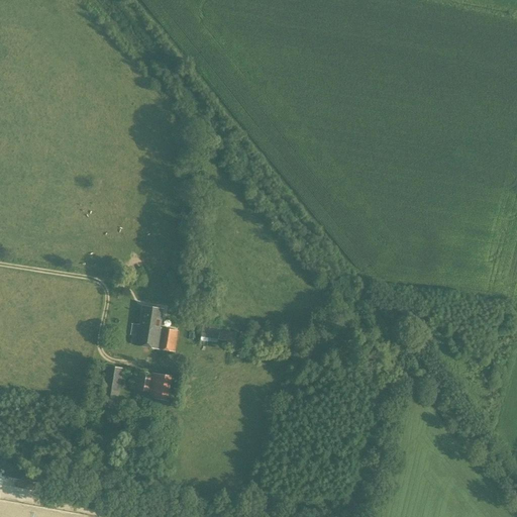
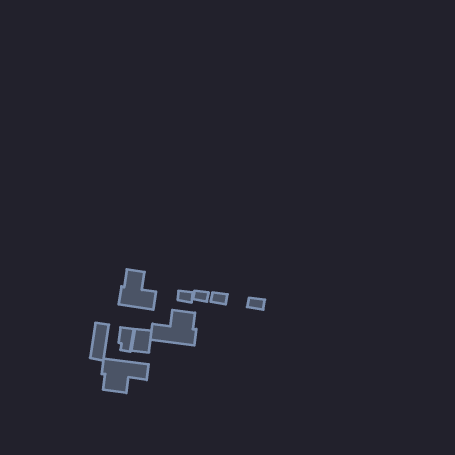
building: none -> [151,310,196,345]
building: none -> [102,358,149,393]

